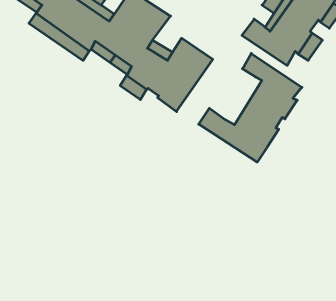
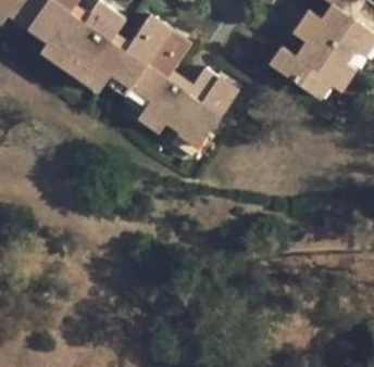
building: [199,53,302,162] -> none

